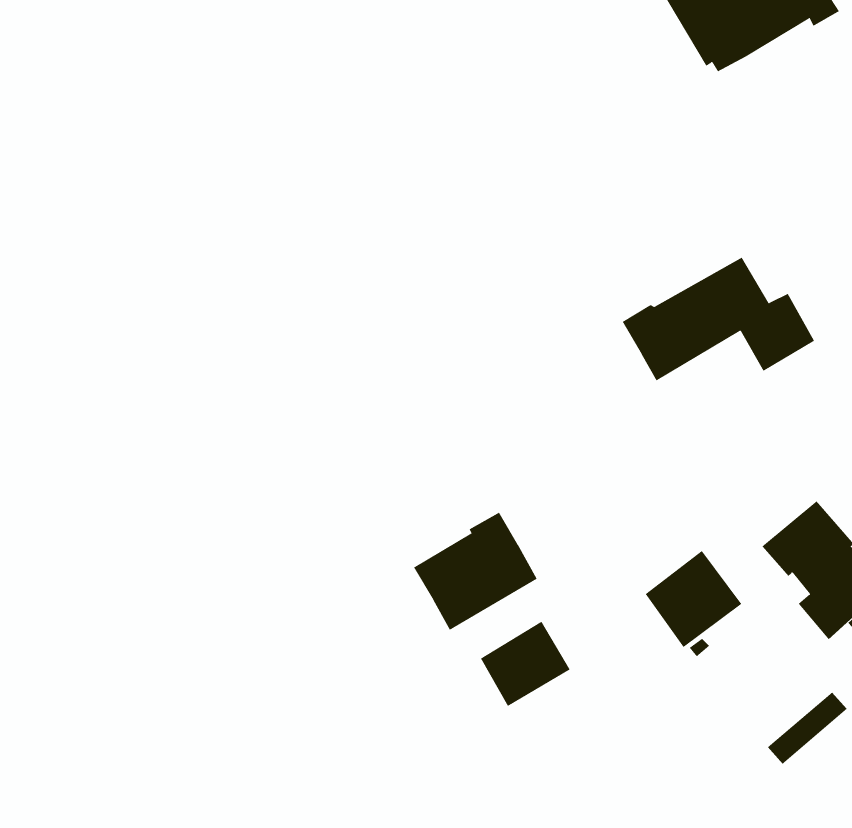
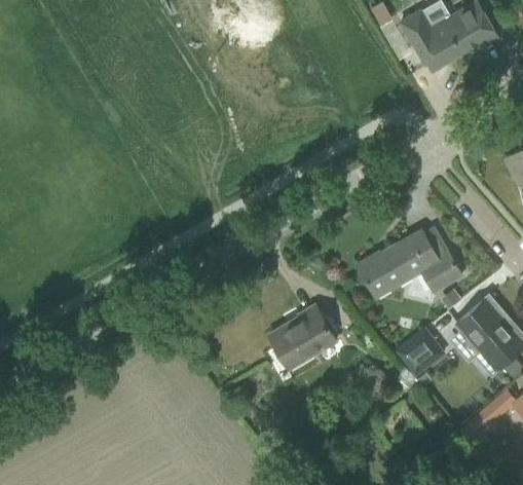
building: [622,257,815,381] -> [359,229,462,296]
building: [480,621,571,707] -> none

